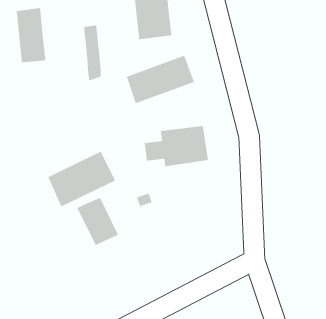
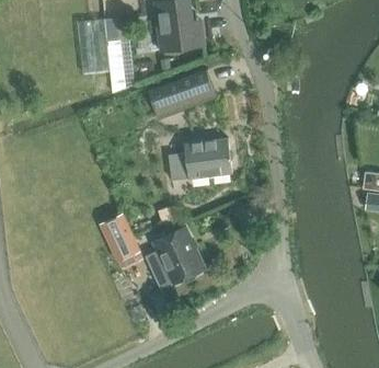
building: [16,7,46,63] -> [78,16,108,72]
building: [47,151,116,207] -> none
building: none -> [146,228,206,286]

